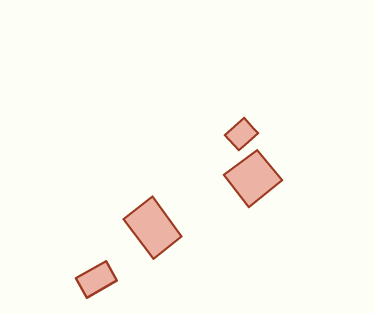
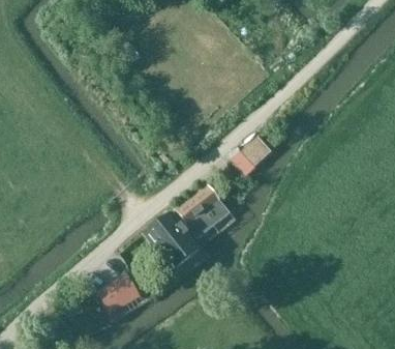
building: [224,150,282,207] -> [174,187,230,242]

